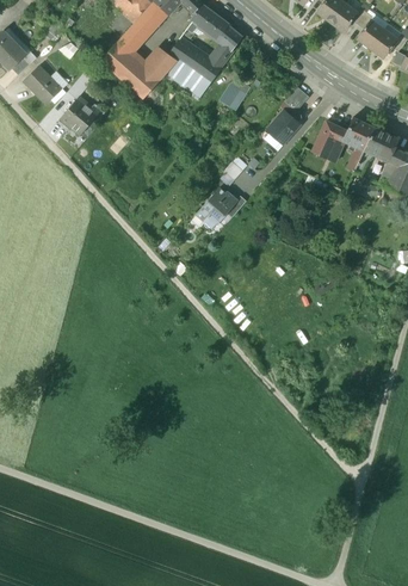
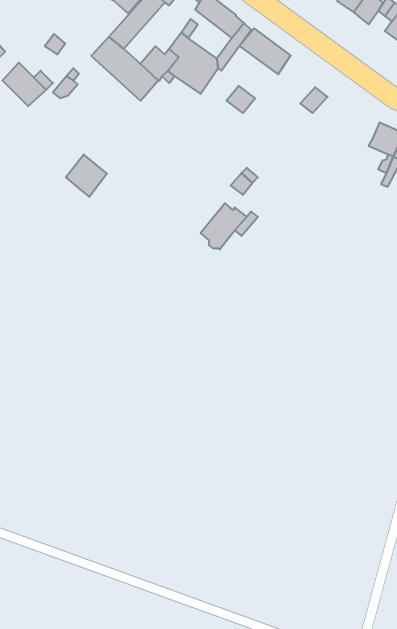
building: none -> [239,28,291,74]
building: [61,97,97,134] -> [66,154,107,197]
building: [267,110,299,143] -> none
building: [311,121,347,156] -> none

